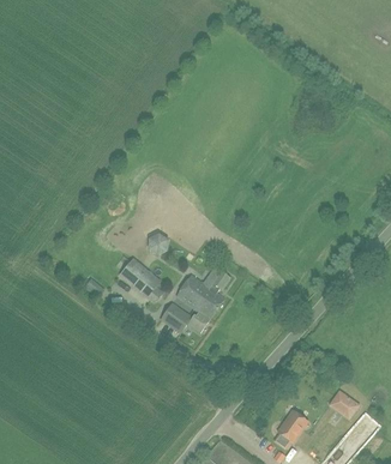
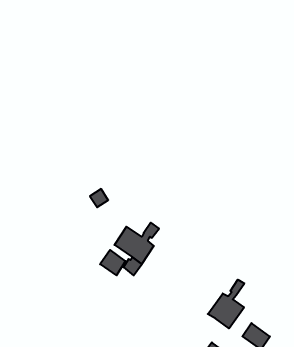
building: [120,258,162,301] -> none
building: none -> [208,280,244,328]

